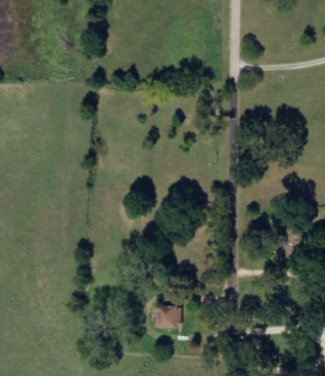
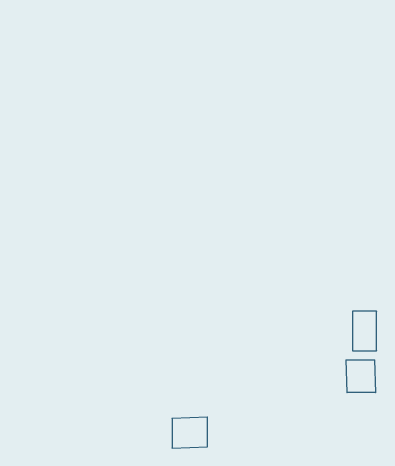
building: none -> [346,360,376,393]

